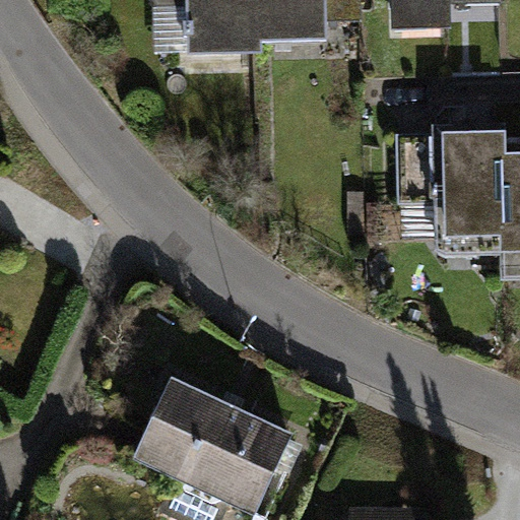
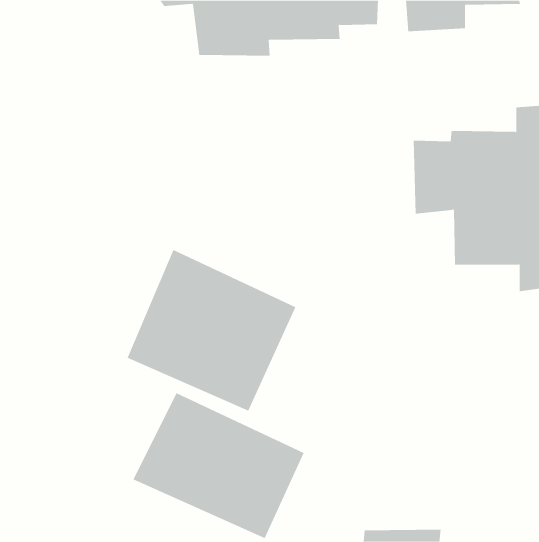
building: none -> [127,249,296,411]

